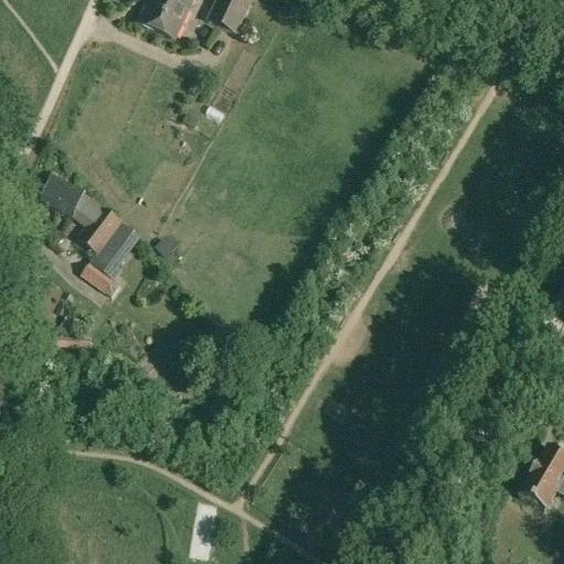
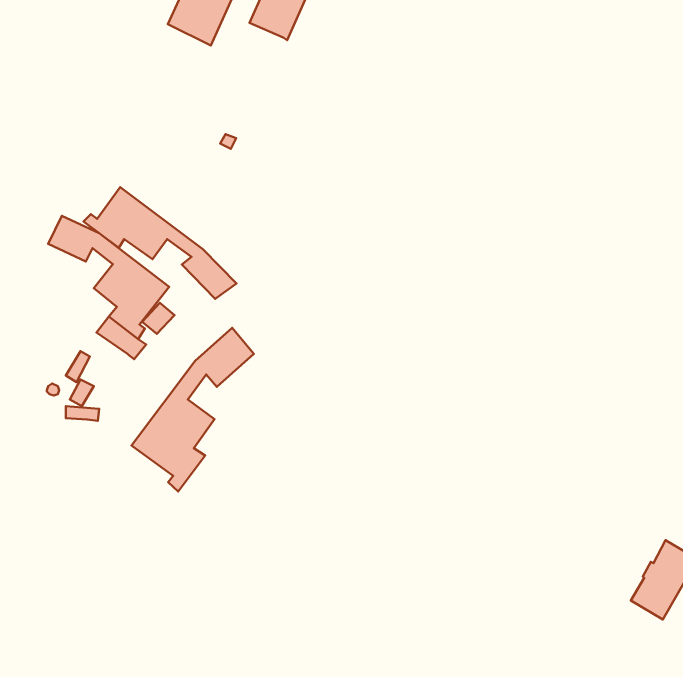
building: none -> [84,187,236,299]
building: none -> [132,328,254,491]

